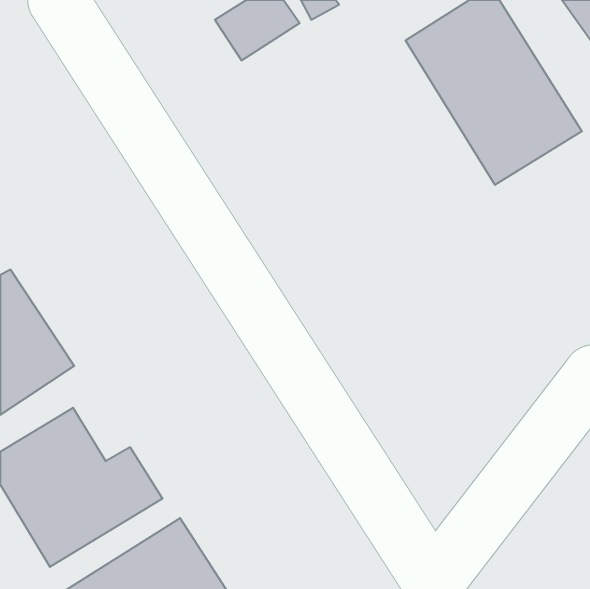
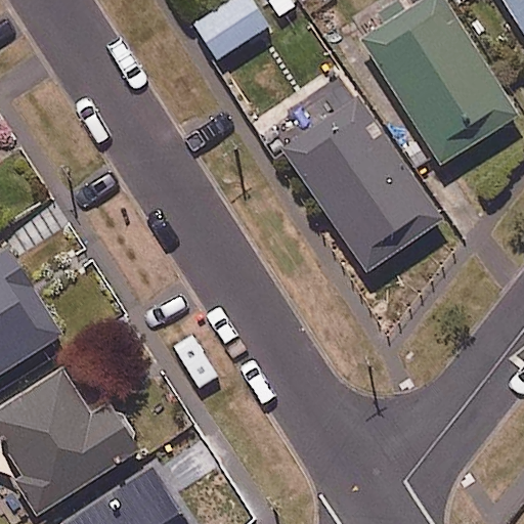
building: none -> [269,86,439,274]

